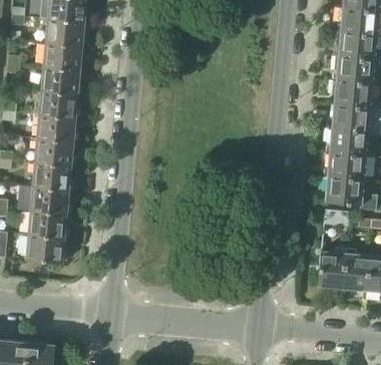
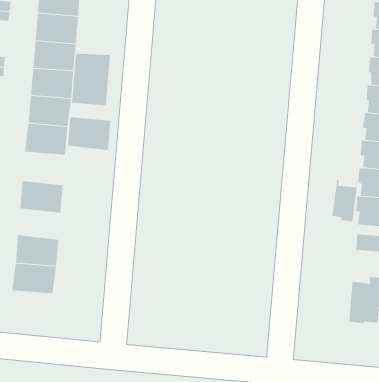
building: none -> [72,53,111,106]
building: [35,138,73,167] -> [67,117,111,150]
building: none -> [332,179,358,222]
building: [31,188,69,215] -> none

